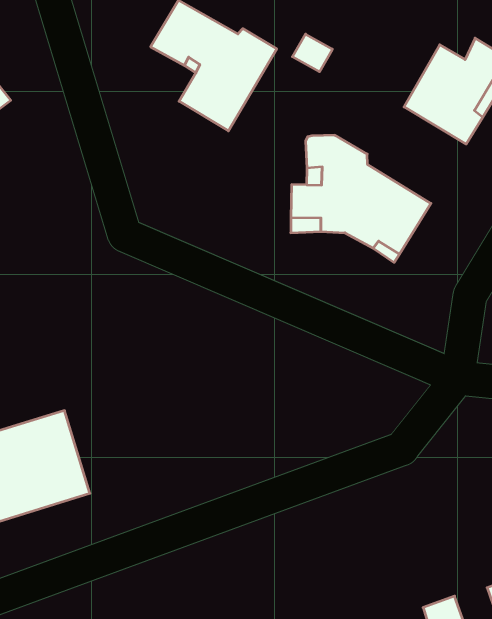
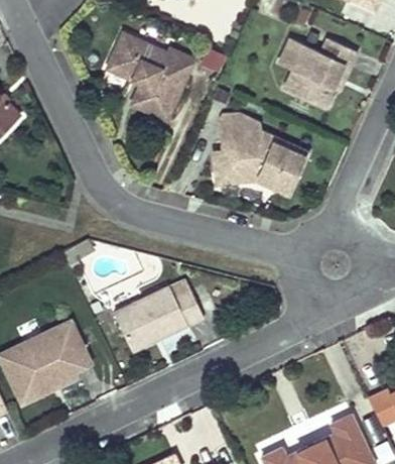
building: none -> [114,283,203,351]

